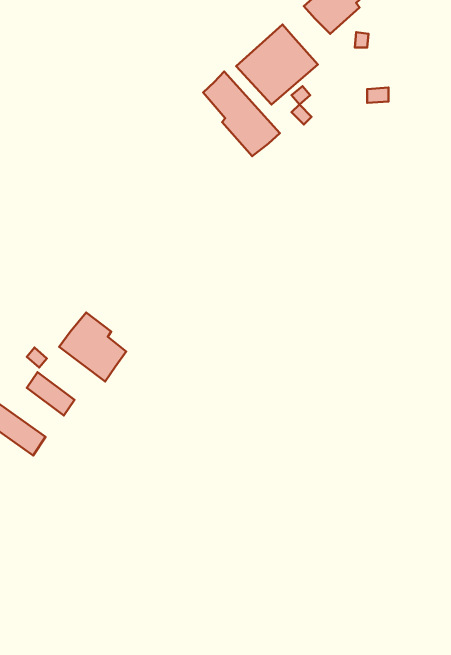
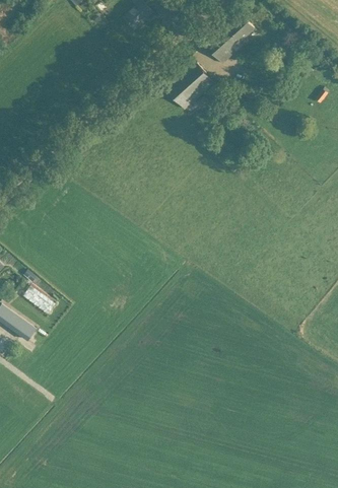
building: [203,71,280,156] -> none
building: [59,312,126,381] -> none

